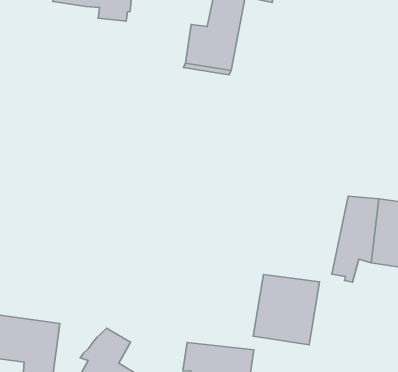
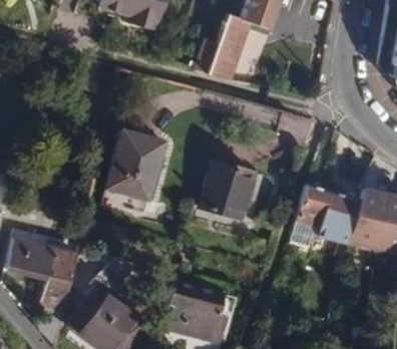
building: none -> [108,130,164,199]
building: [253,274,320,345] -> [201,161,257,220]

